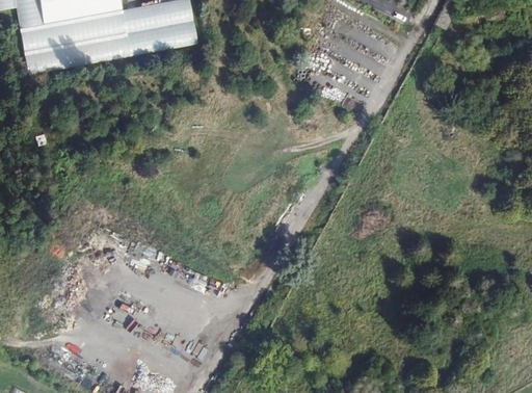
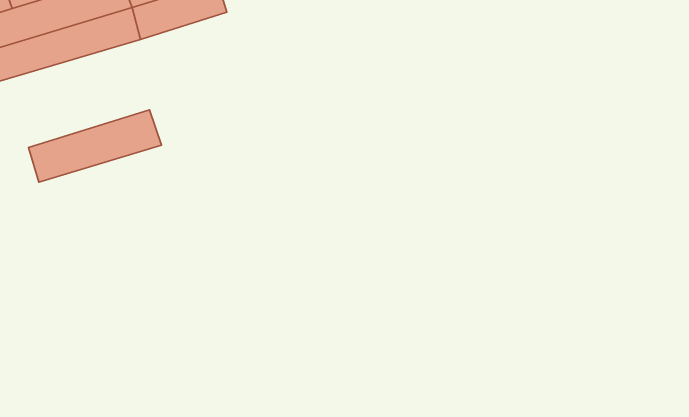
building: none -> [28,110,161,182]

